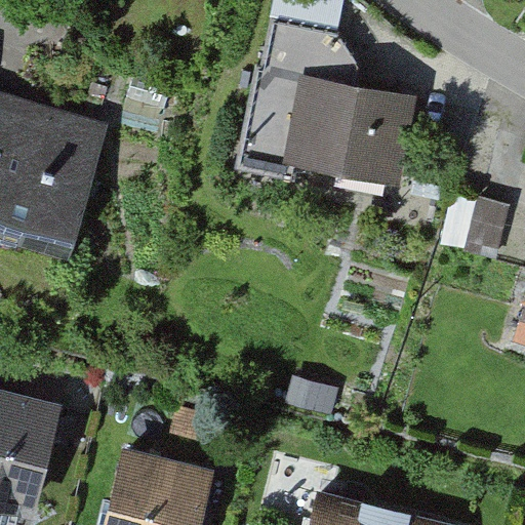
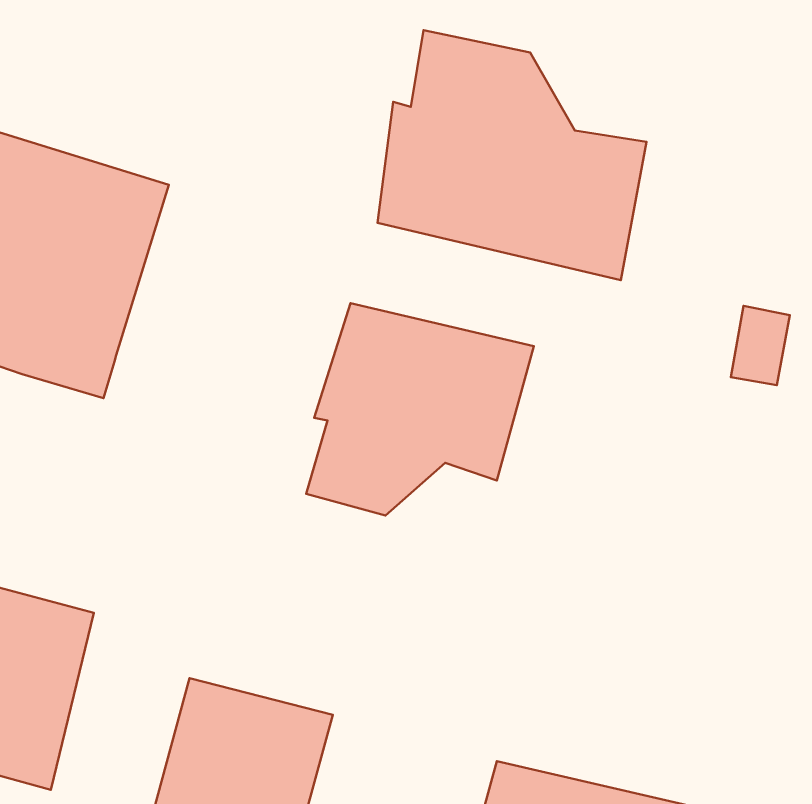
building: none -> [306,303,534,515]

